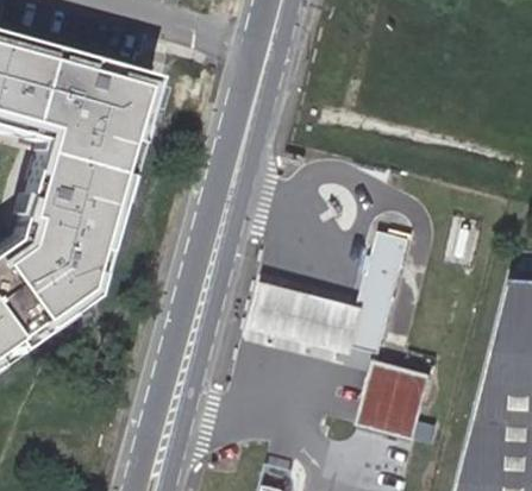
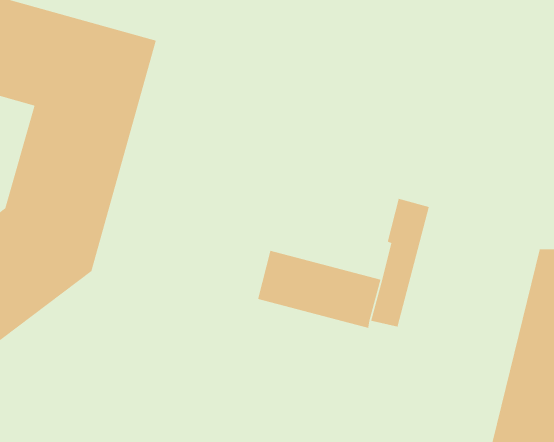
building: [364,359,433,434] -> none

